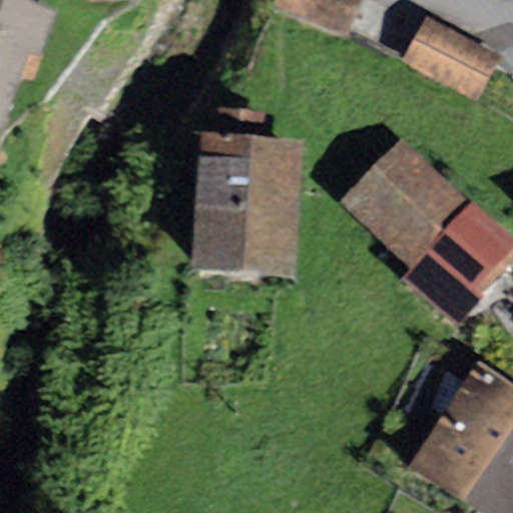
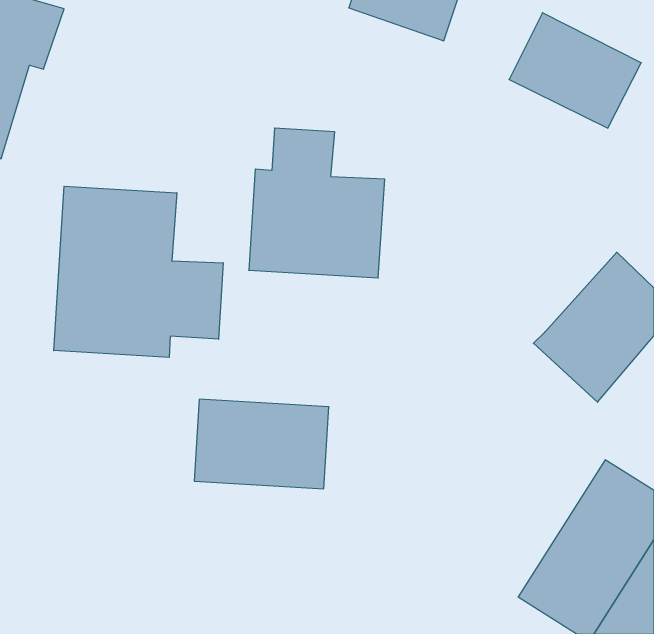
building: [354,133,482,260] -> none
building: none -> [54,186,223,357]
building: [190,211,296,282] -> [194,399,329,489]

